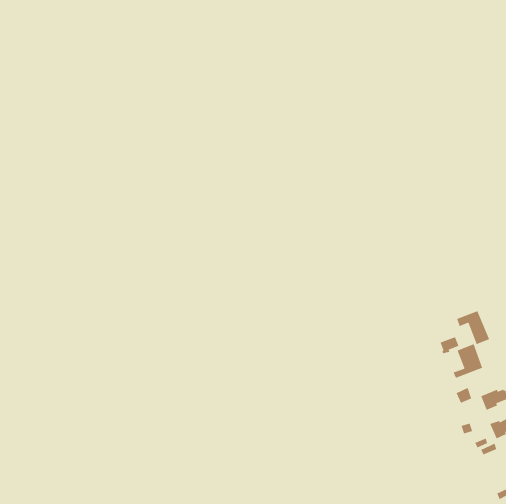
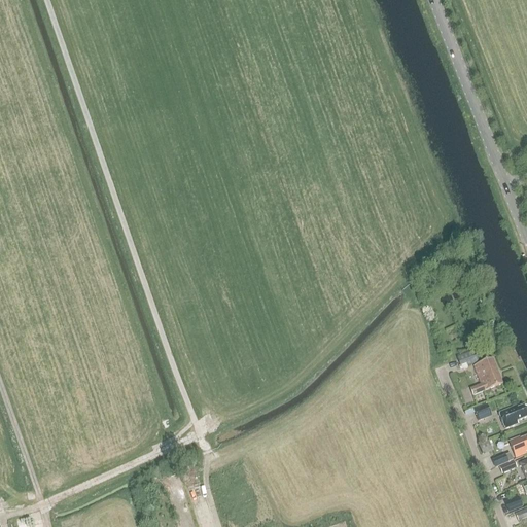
building: [456,310,490,345] -> none

